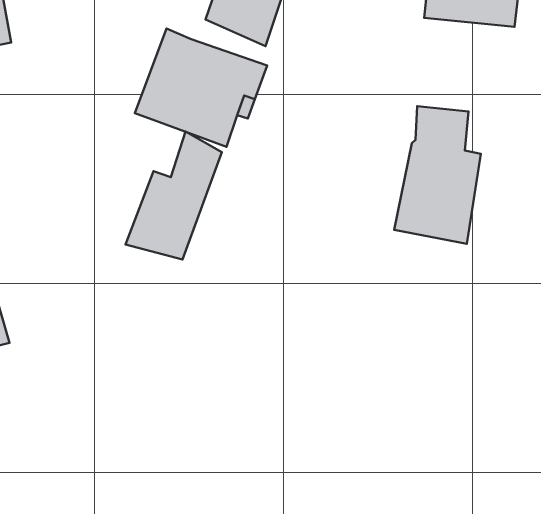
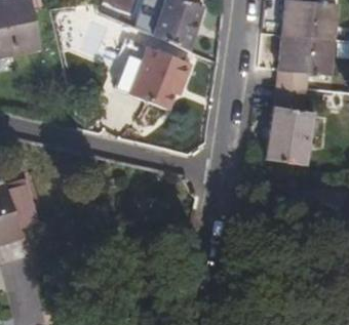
building: none -> [276,35,333,89]
building: [126,132,222,259] -> none

